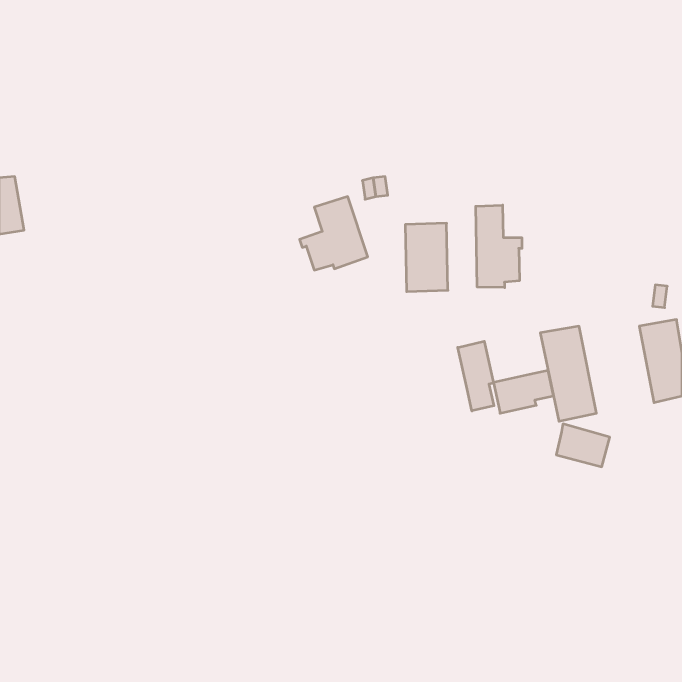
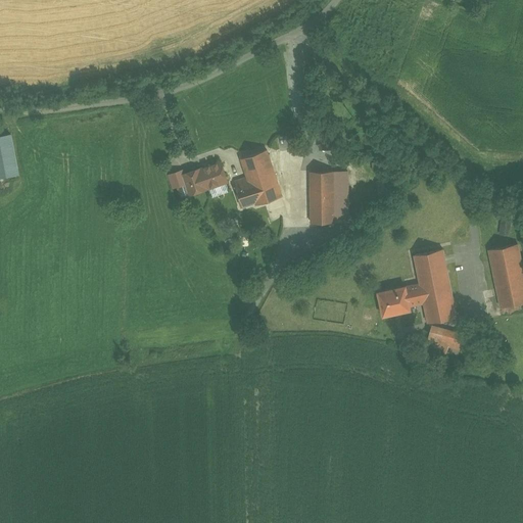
building: [476,205,522,288] -> none
building: none -> [182,165,224,196]
building: [458,341,494,411] -> none

